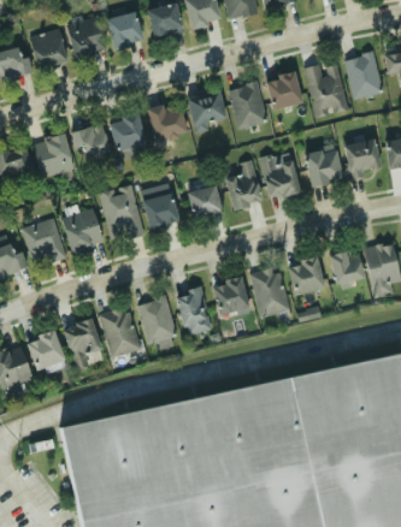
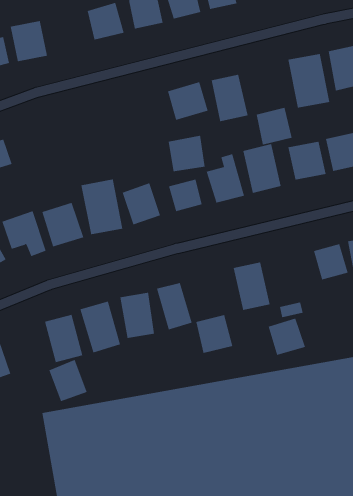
building: [69,16,105,57] -> none
building: [266,72,302,109] -> [256,107,292,145]
building: [148,102,185,138] -> [168,135,206,172]
building: [108,113,146,150] -> none
building: [71,124,108,156] -> none
building: [34,135,73,177] -> none
building: [288,257,325,295] -> [268,318,306,356]
building: [212,277,249,315] -> [195,314,233,353]
building: [26,330,65,372] -> [48,359,87,402]

